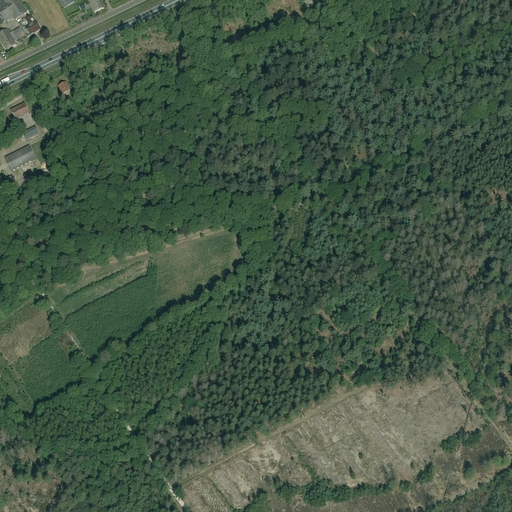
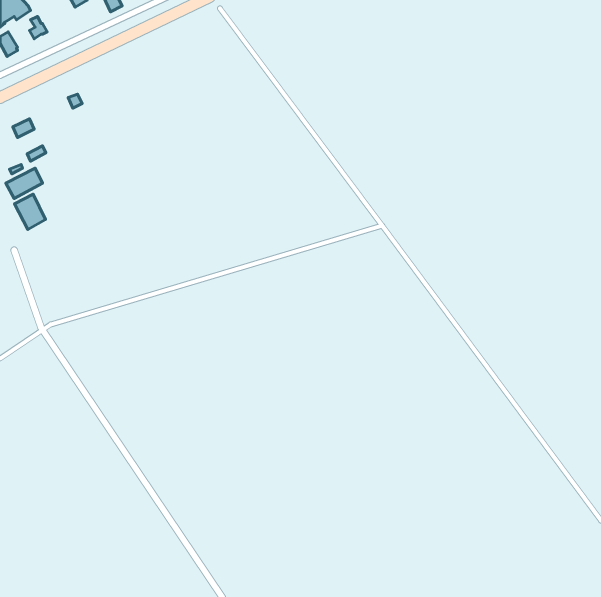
building: none -> [15,194,46,229]

